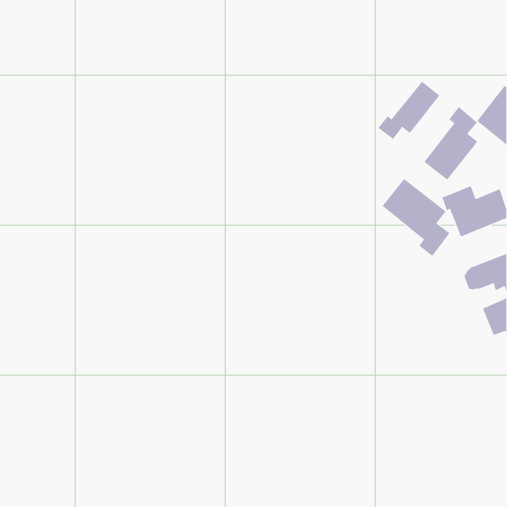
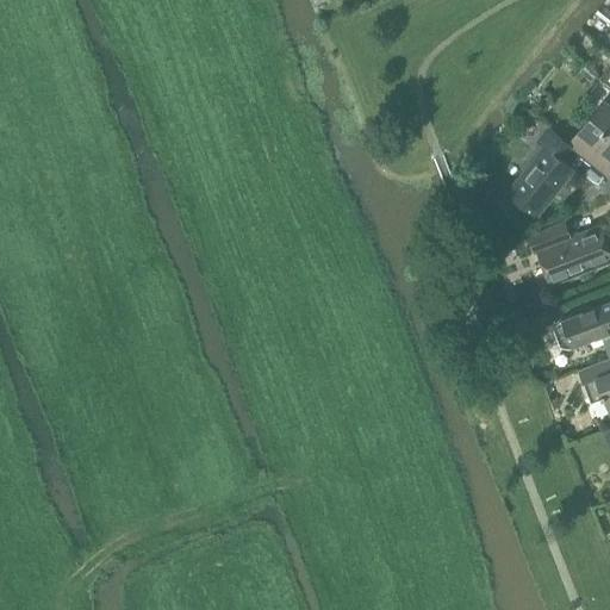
building: [378,81,440,140] -> none
building: [382,178,451,257] -> none

